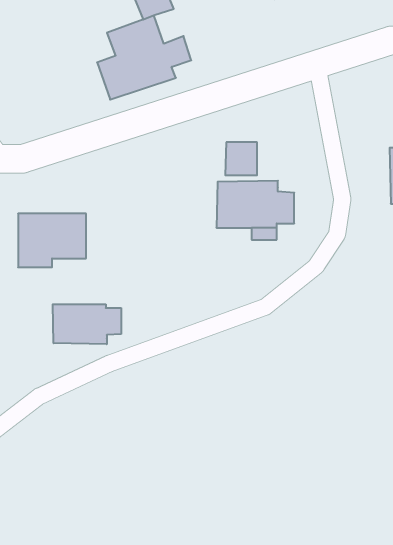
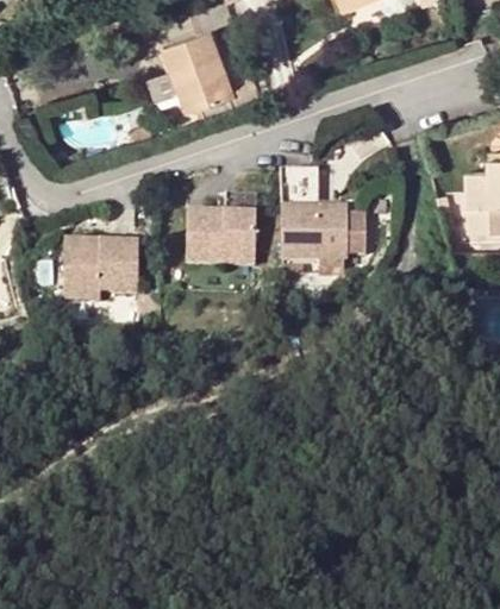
building: none -> [187,193,256,264]
building: [53,304,121,344] -> none

